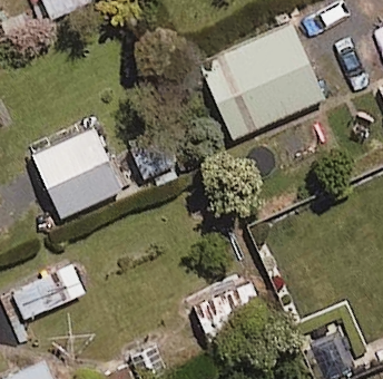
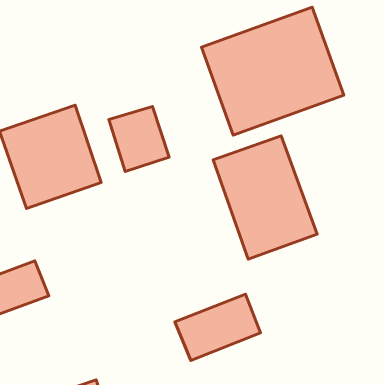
building: none -> [213,136,317,259]

